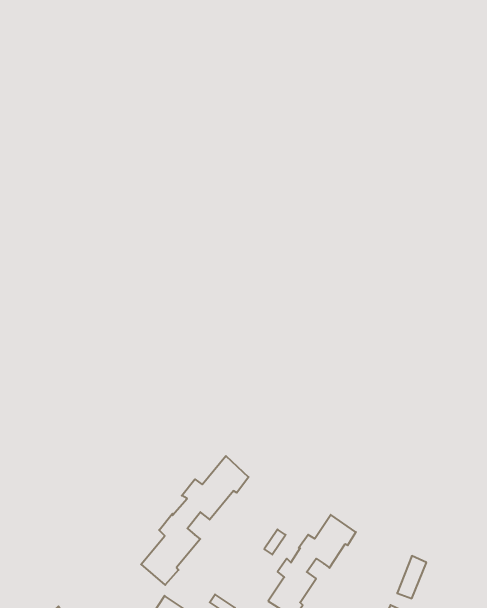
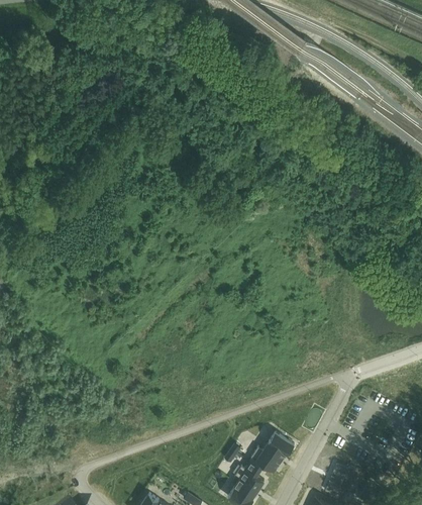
building: [141,456,249,585] -> none

